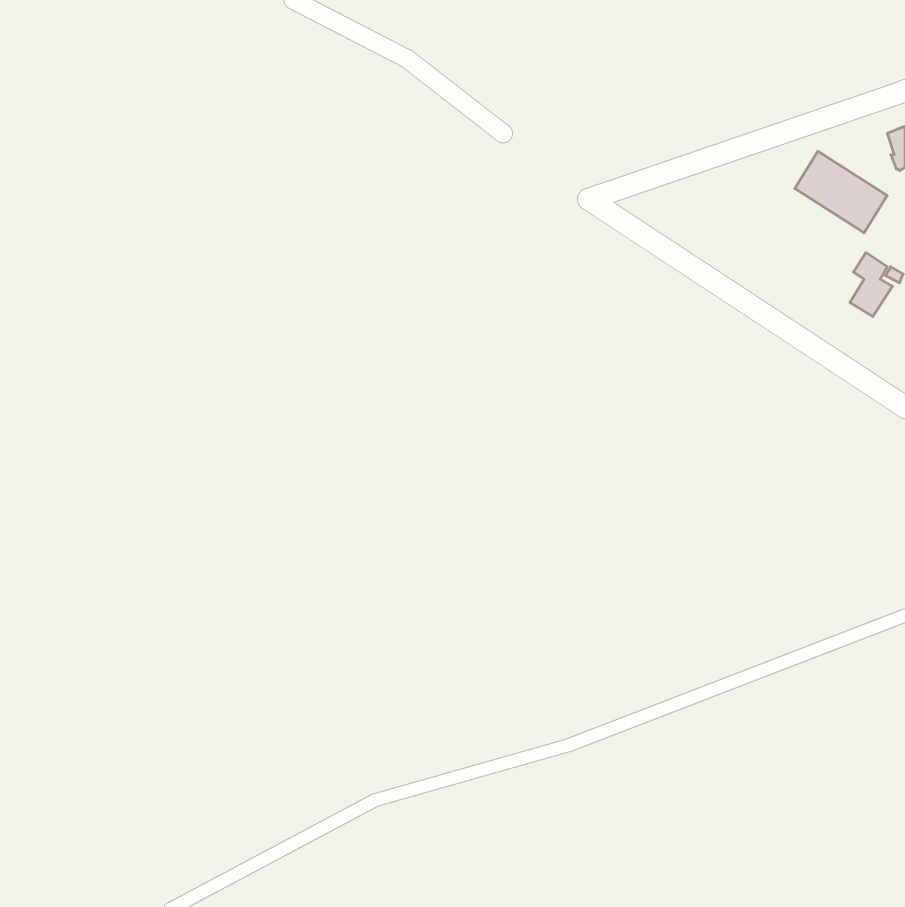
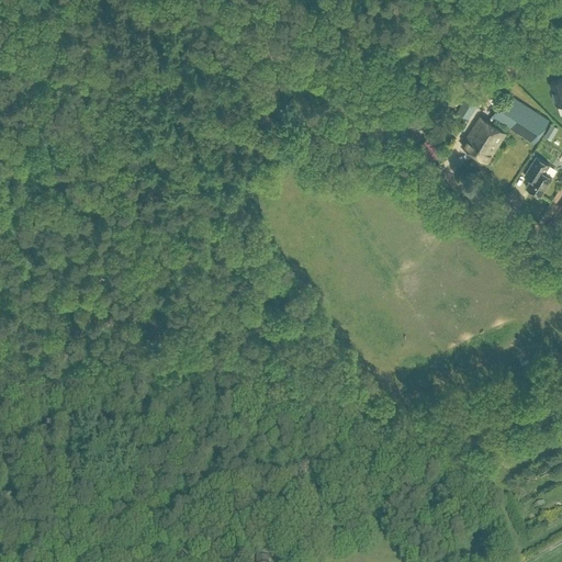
building: none -> [460,116,504,161]

